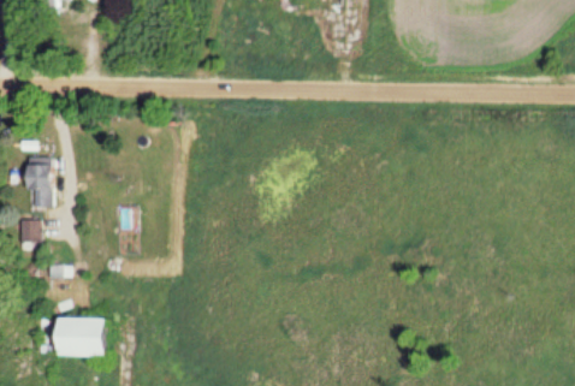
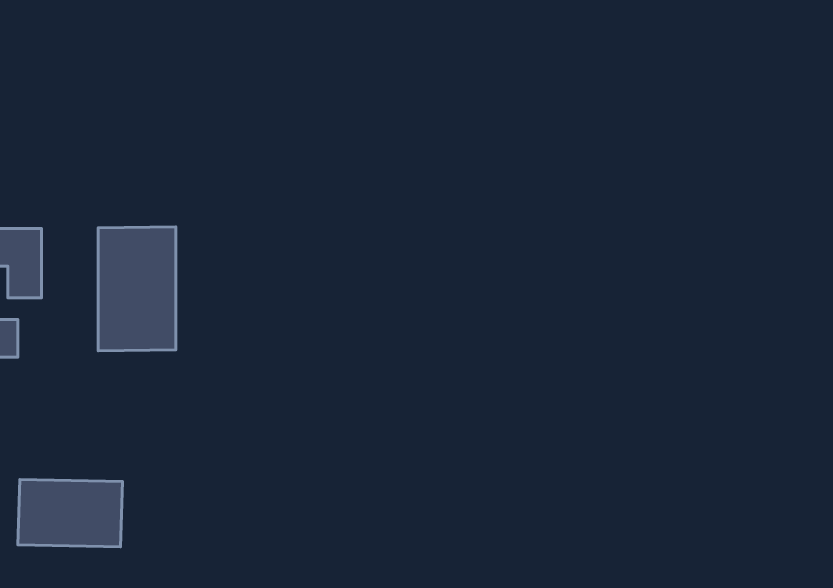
building: none -> [98,227,176,351]

